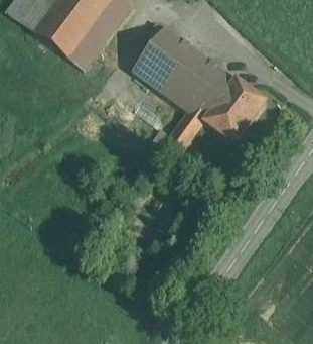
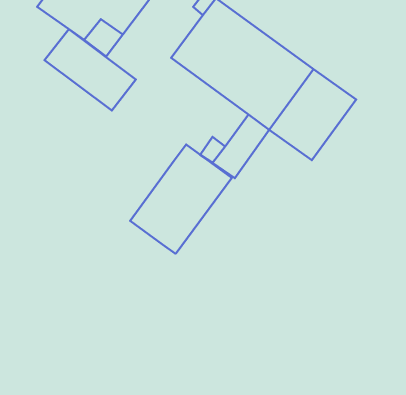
building: none -> [44,29,136,111]
building: none -> [130,144,232,254]

